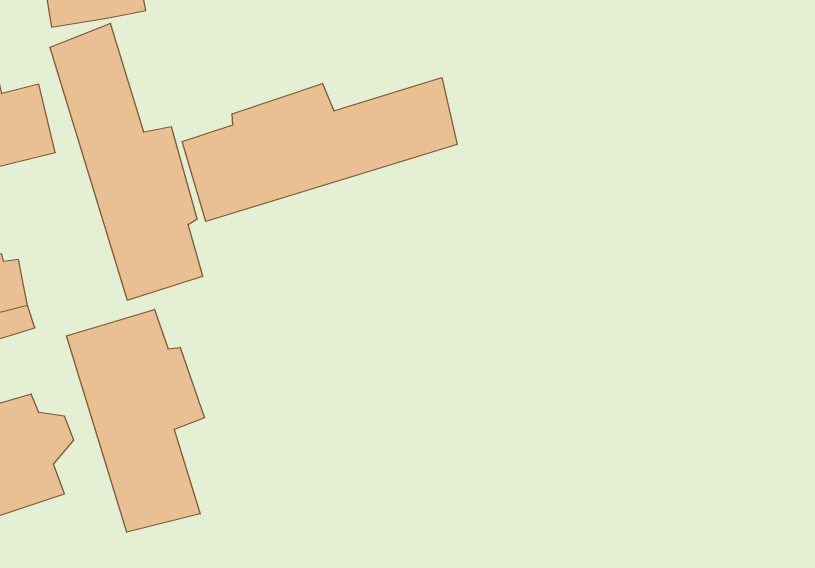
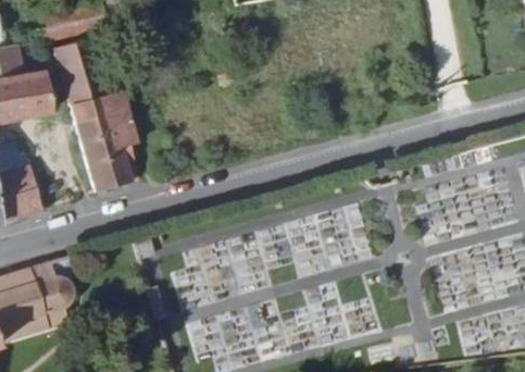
building: [182,78,457,221] -> none
building: [67,309,205,532] -> none

